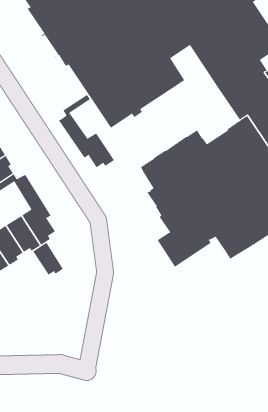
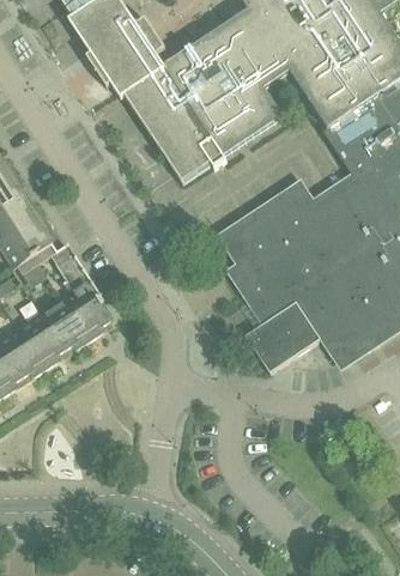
building: [58,94,115,168] -> none
building: [33,242,63,275] -> none

